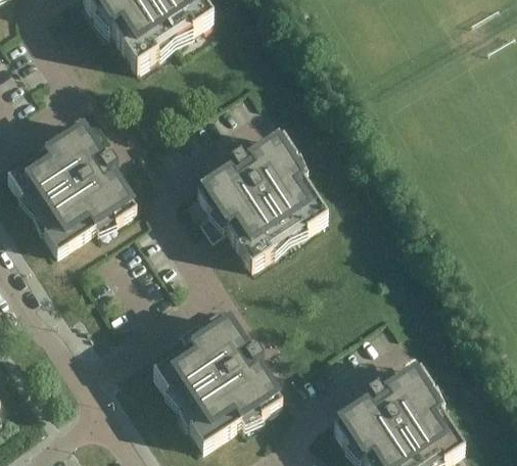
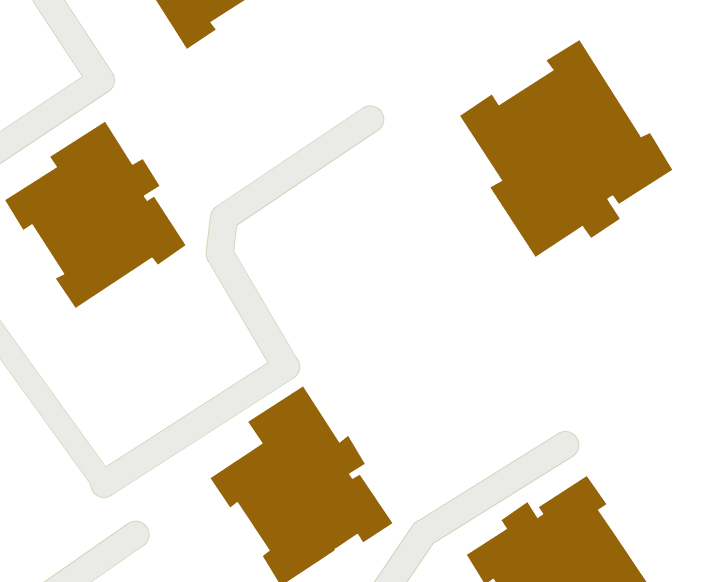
building: none -> [459,39,673,258]
building: [186,137,327,266] -> none

